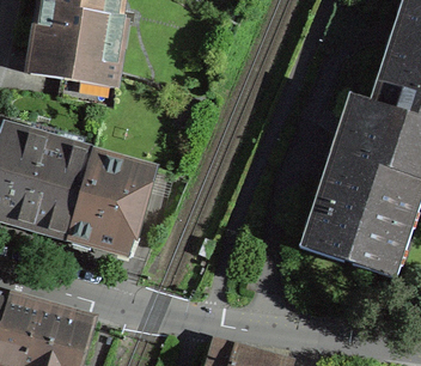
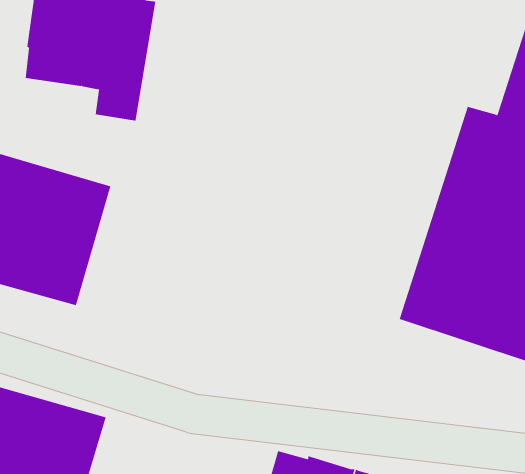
building: [67,152,155,255] -> none

